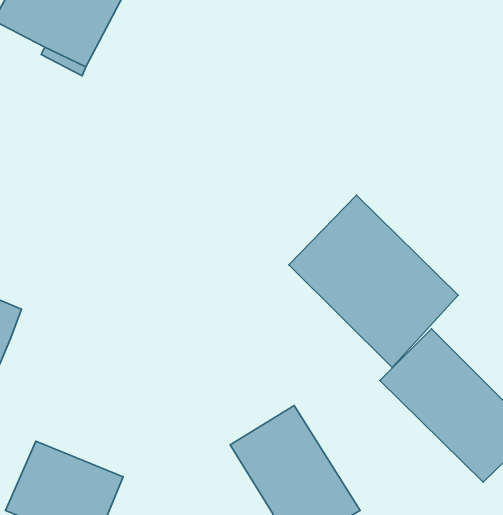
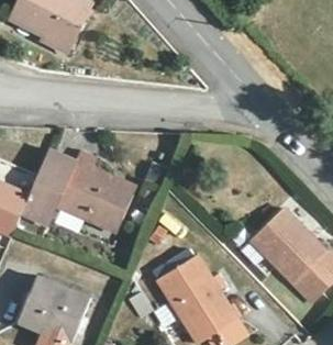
building: [289,195,458,367] -> none
building: none -> [21,149,135,233]

